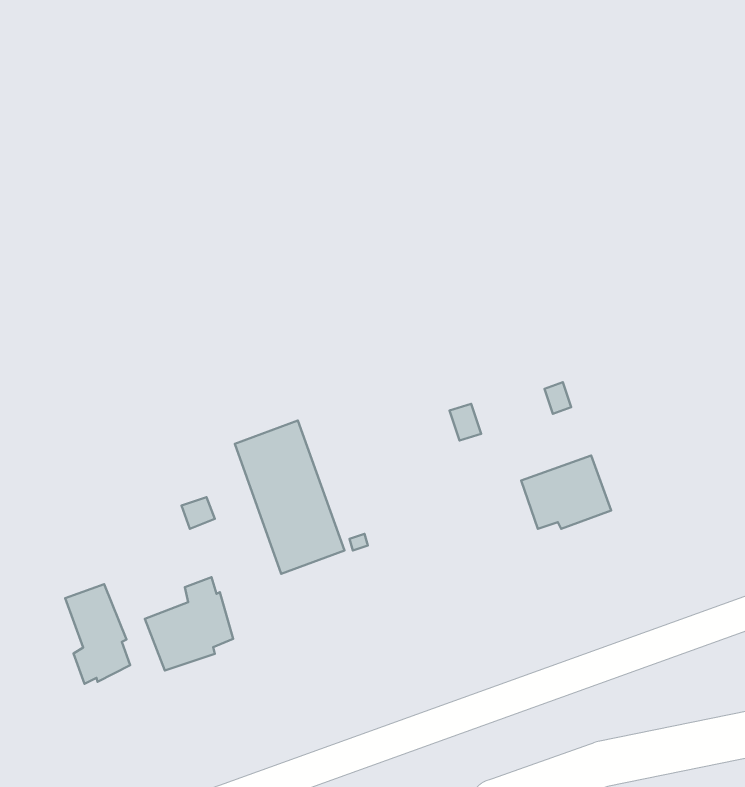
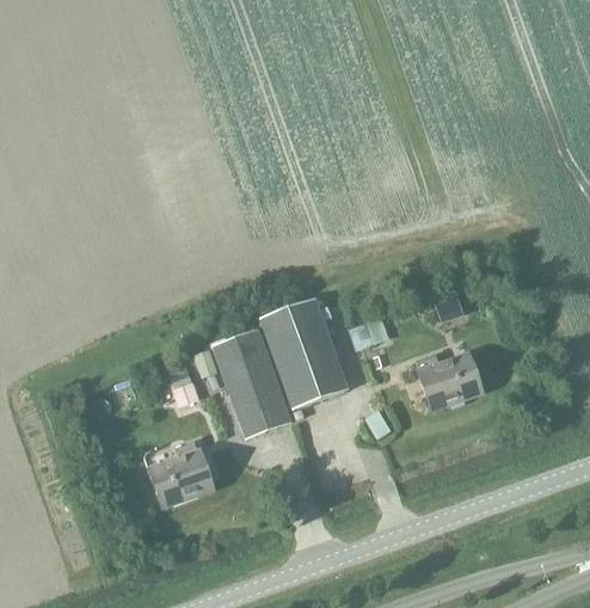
building: none -> [259,297,349,409]
building: [65,584,130,684] -> none

